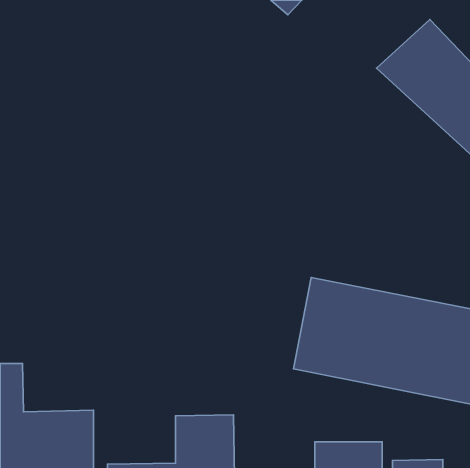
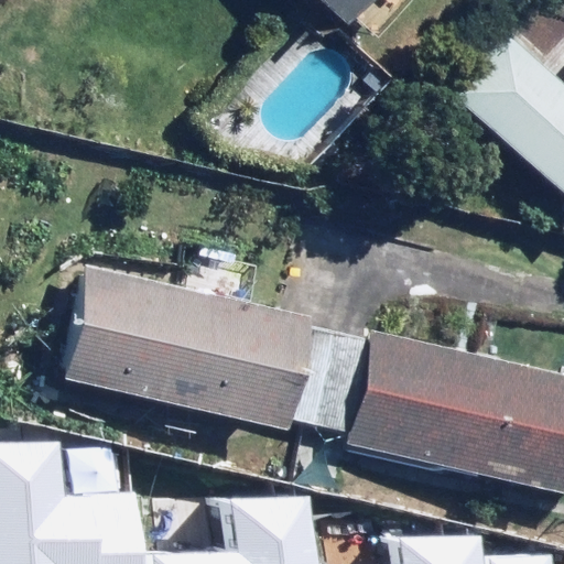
building: none -> [67,270,305,424]

